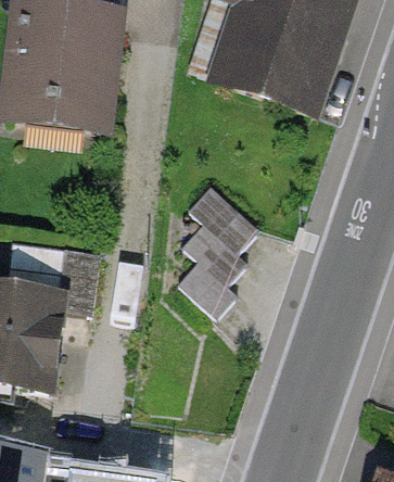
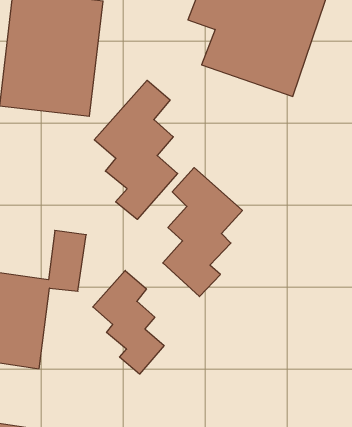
building: none -> [94,80,178,219]
building: none -> [93,270,164,374]

